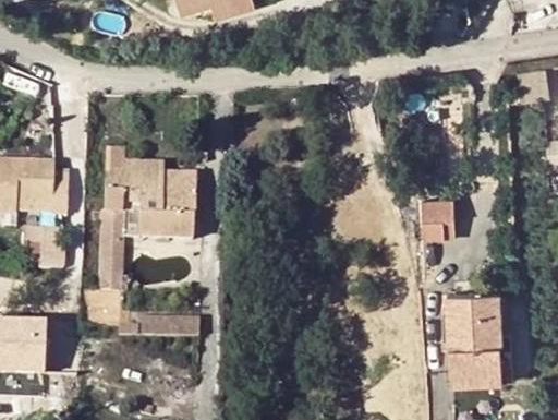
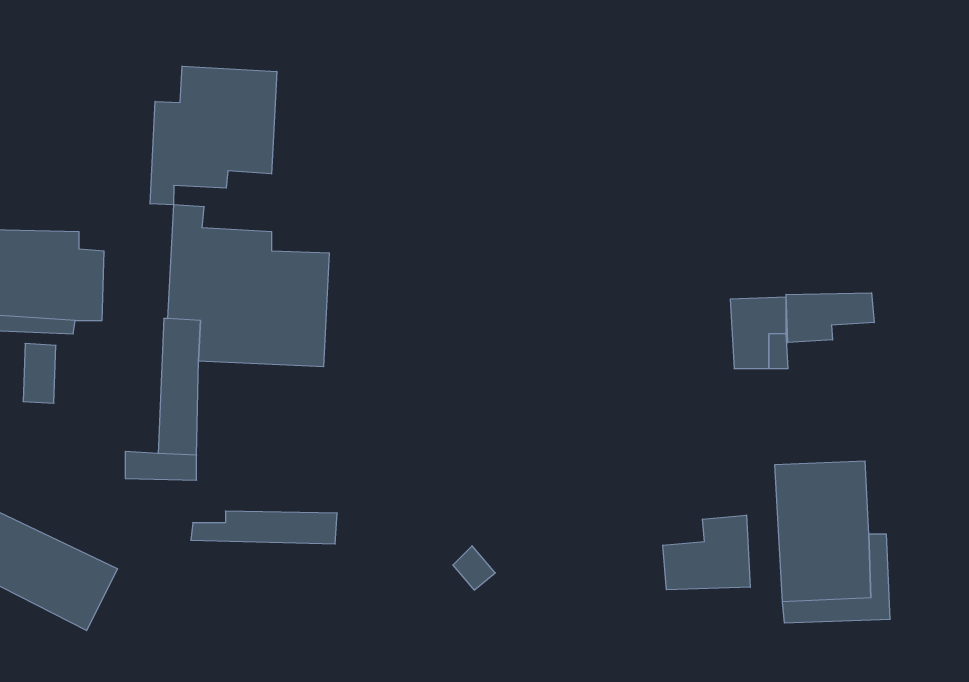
building: none -> [150,66,277,205]
building: none -> [786,293,874,343]
building: none -> [663,515,750,590]

